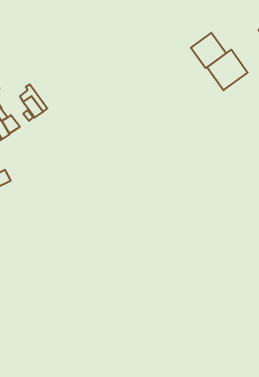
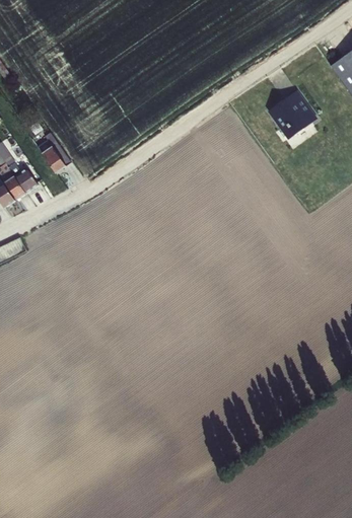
building: [191,33,226,68] -> none

